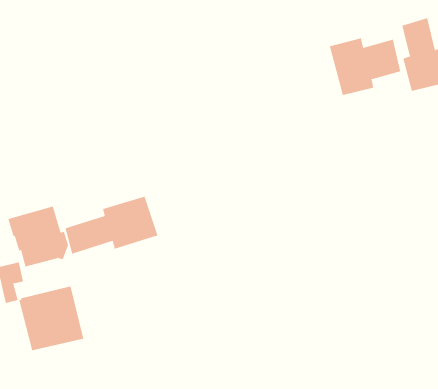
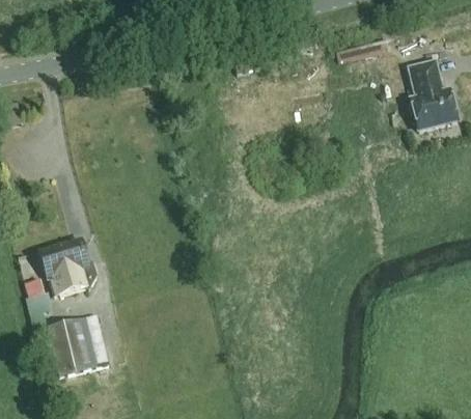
building: [329,38,401,96] -> none
building: [65,196,158,255] -> none

